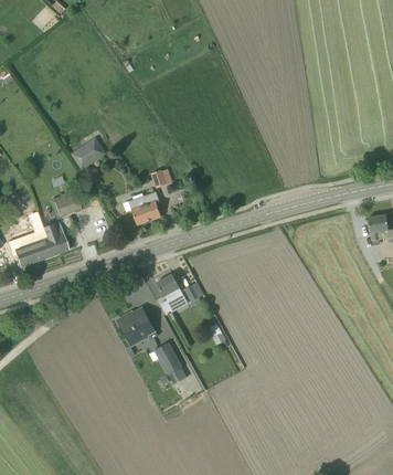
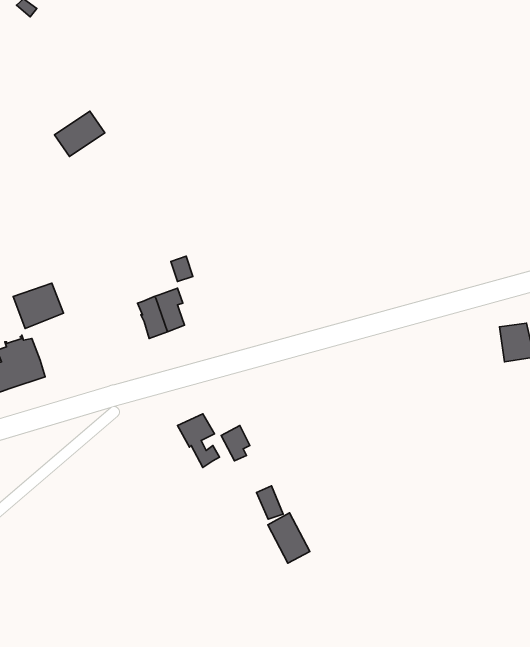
building: [72,138,105,168] -> [54,111,105,156]
building: [117,307,158,347] -> none
building: [155,341,182,374] -> [268,513,310,563]

